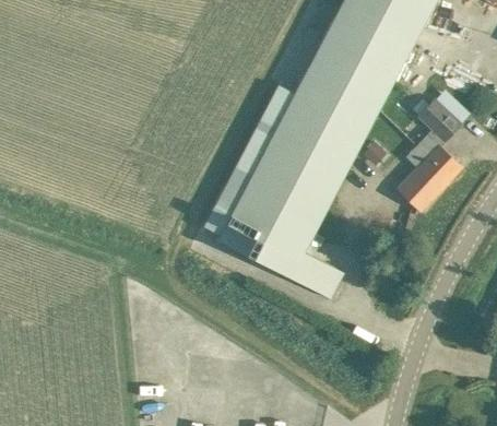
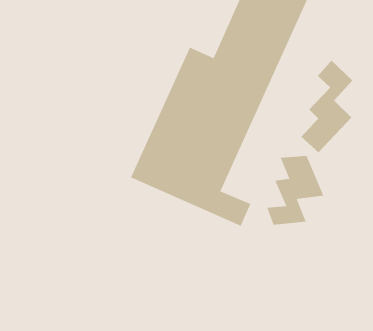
building: none -> [266,155,324,226]

